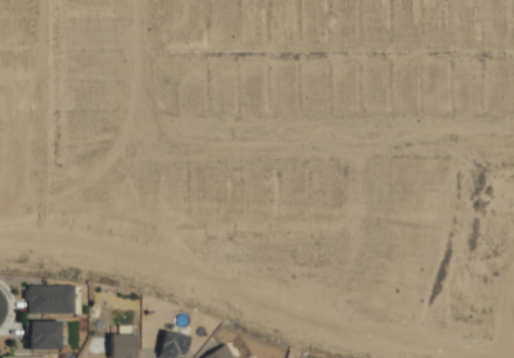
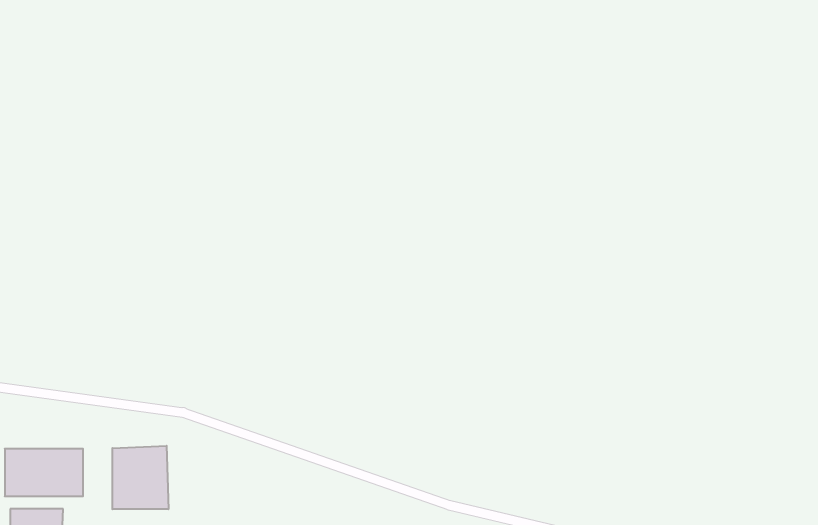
building: none -> [112,446,168,509]

